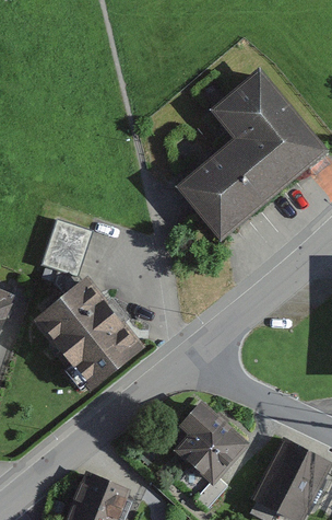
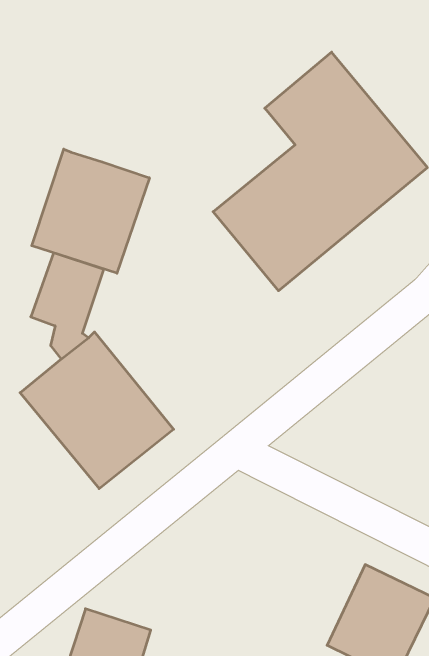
building: none -> [32,149,149,273]
building: [175,397,256,489] -> none

